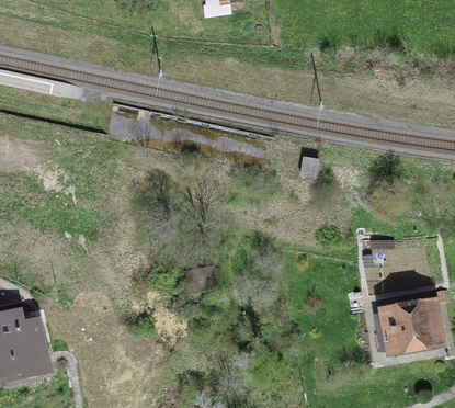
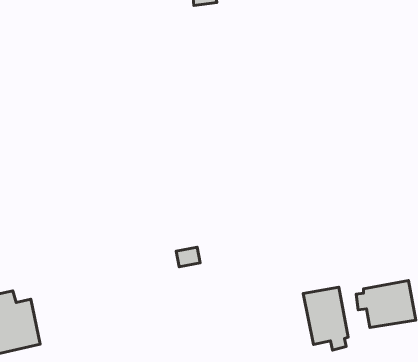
building: none -> [303,287,348,350]

